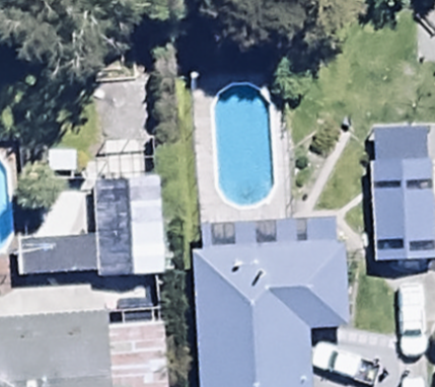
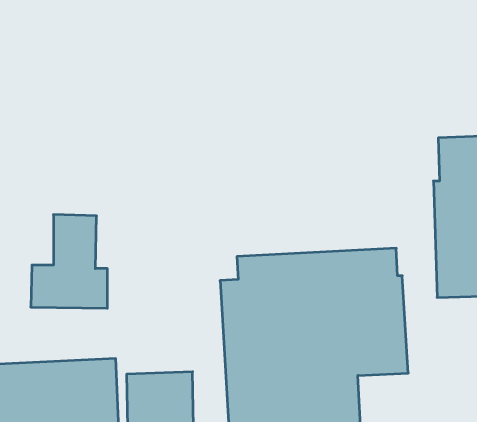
building: [94,175,170,275] -> none

